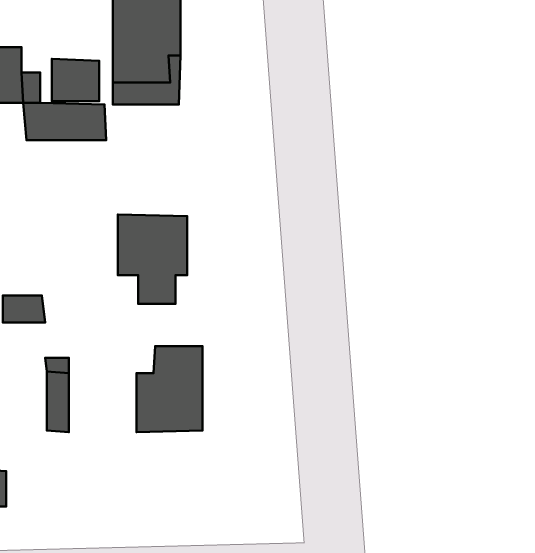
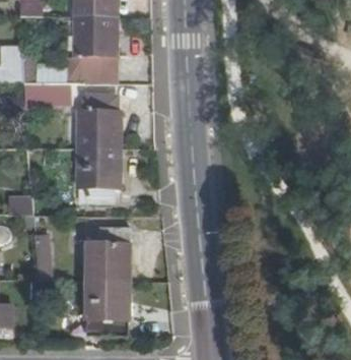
building: none -> [78,96,121,149]
building: none -> [88,279,129,334]

